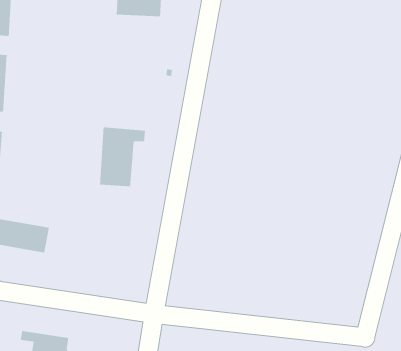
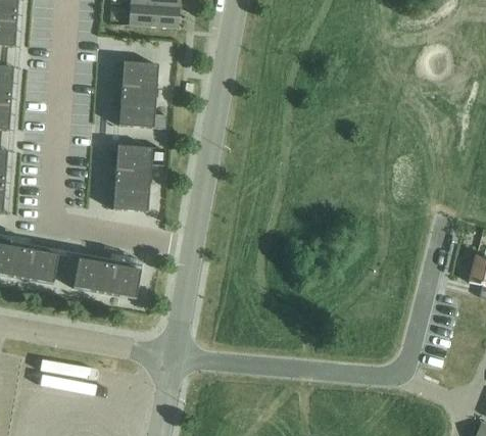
building: none -> [118,60,166,128]
building: none -> [72,257,140,297]

